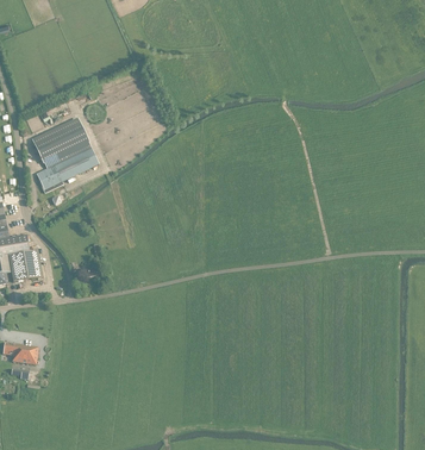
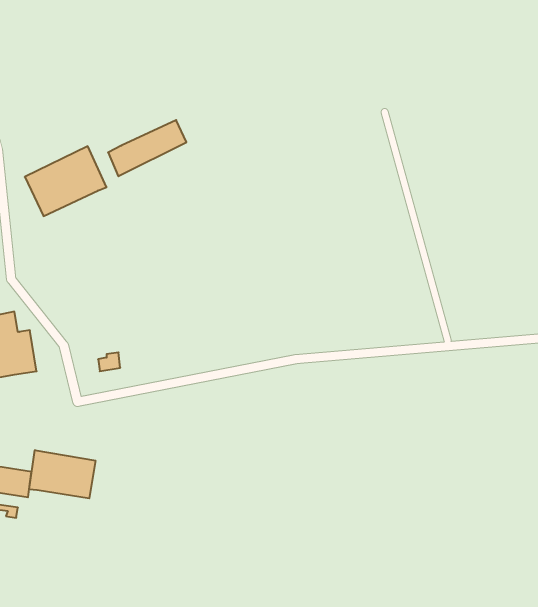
building: [37,150,92,189] -> [108,120,186,176]
building: none -> [29,450,95,498]

